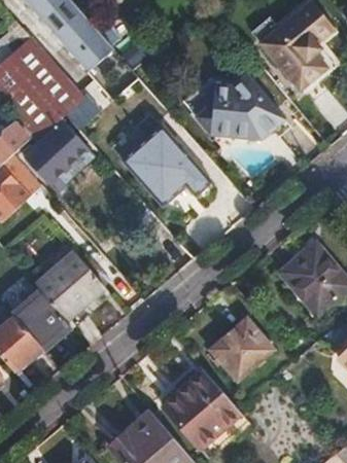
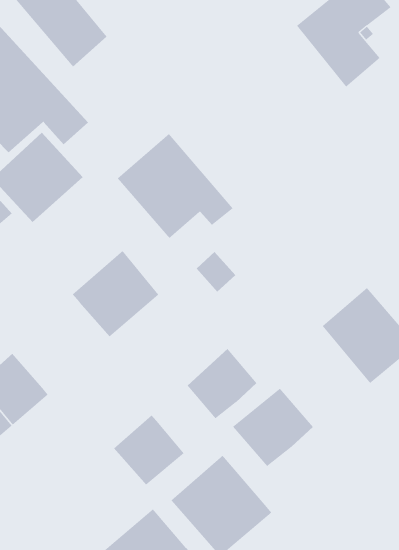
building: [194,71,288,137] -> none
building: [36,252,103,319] -> [72,250,159,337]
building: none -> [187,348,257,419]
building: none -> [113,415,184,486]

